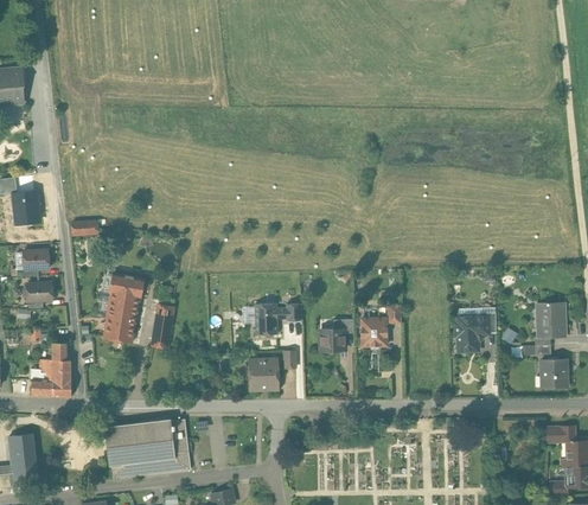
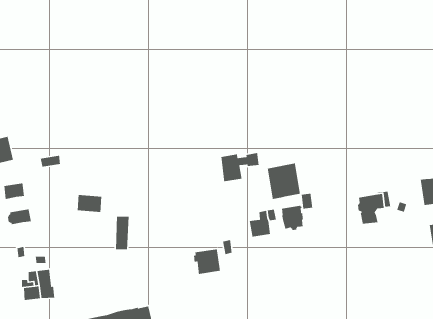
building: none -> [267,162,301,200]
building: [103,293,140,343] -> none
building: [255,302,301,335] -> [221,152,259,182]

